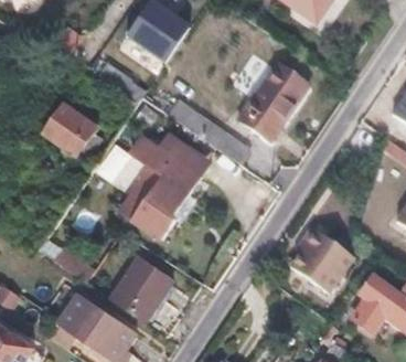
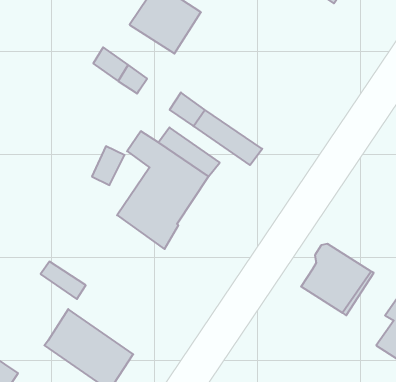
building: [236,63,308,141] -> none
building: [46,103,99,153] -> none
building: [113,256,174,320] -> none

